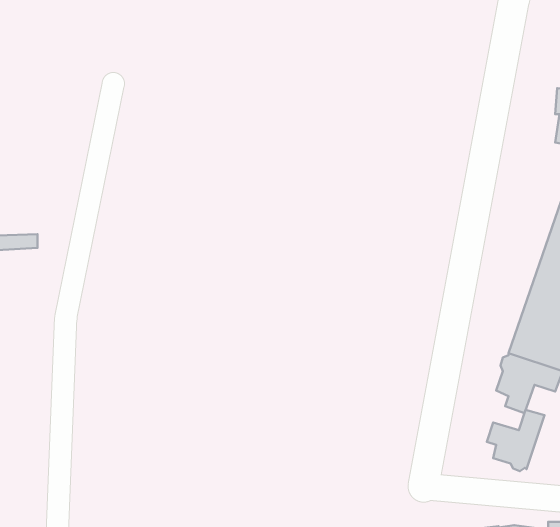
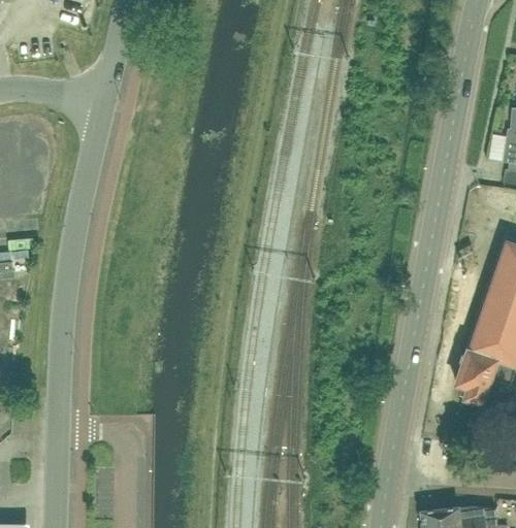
building: [487,410,544,471] -> none

